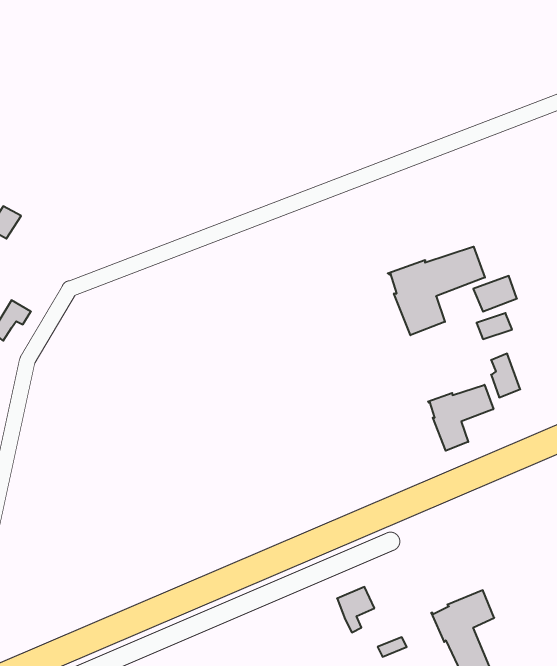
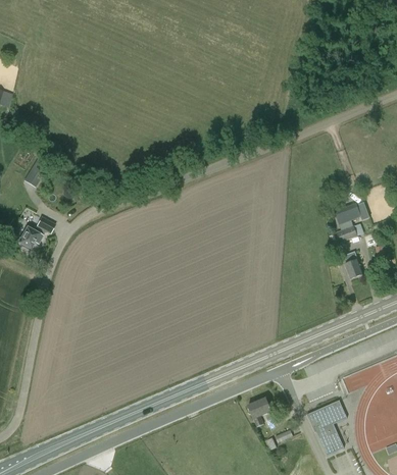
building: [388,247,485,335] -> none
building: [428,385,493,451] -> none

